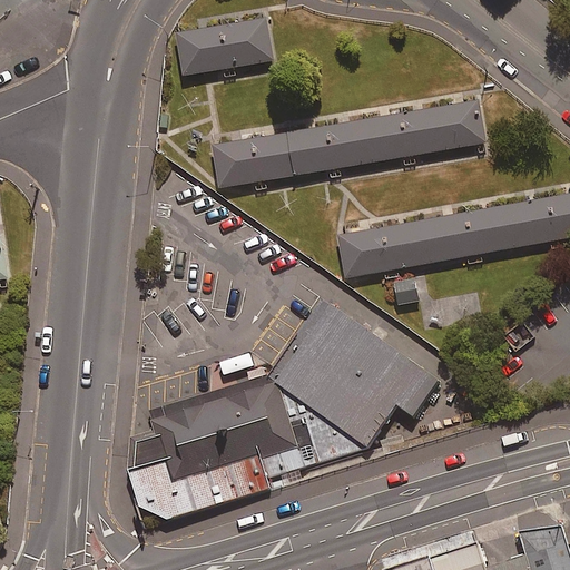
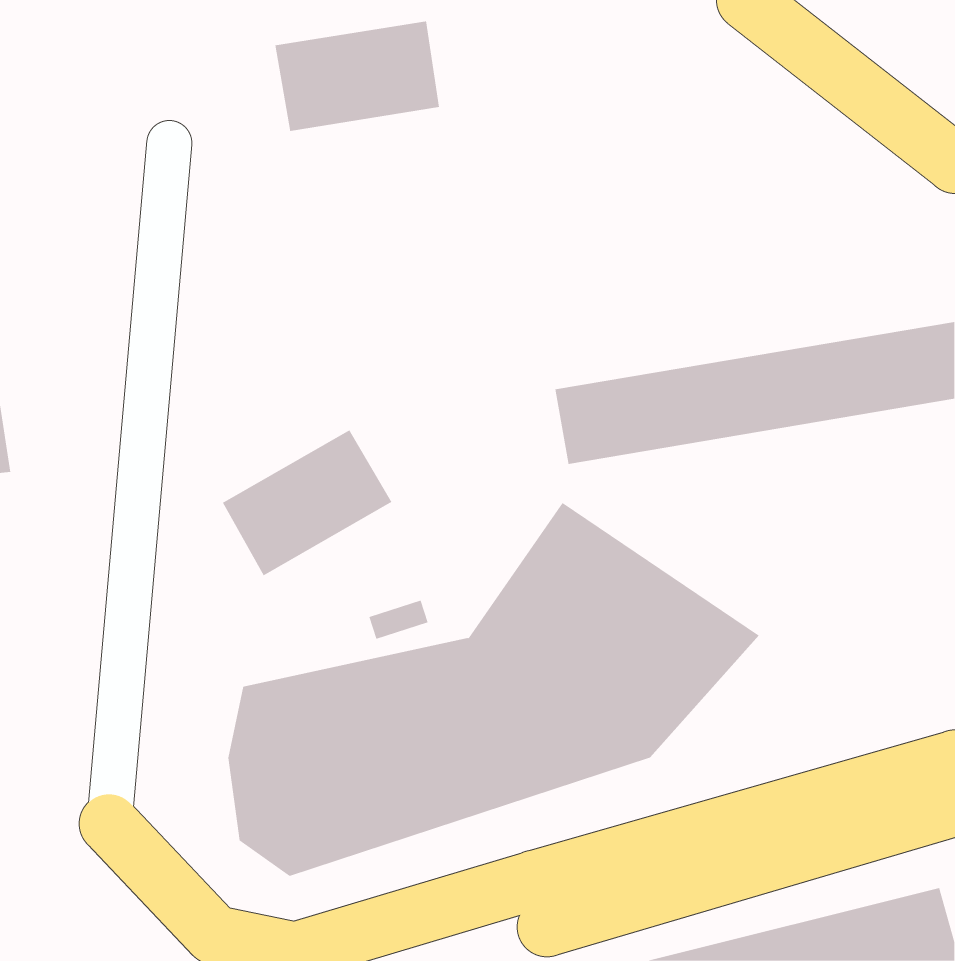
building: [206,102,472,196] -> none
building: none -> [222,430,392,576]

